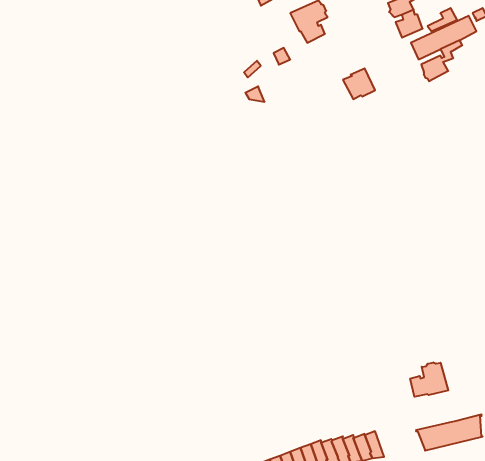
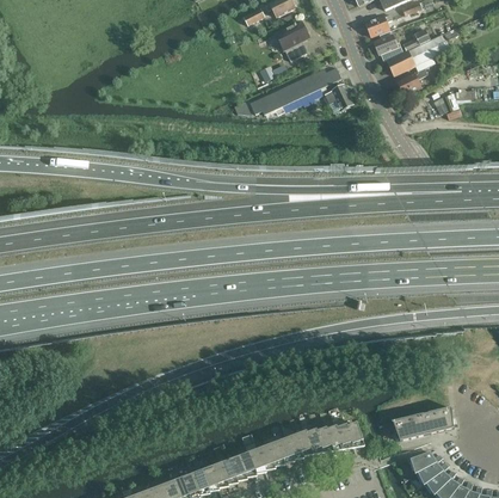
building: none -> [248,67,341,115]
building: [410,362,448,397] -> none

